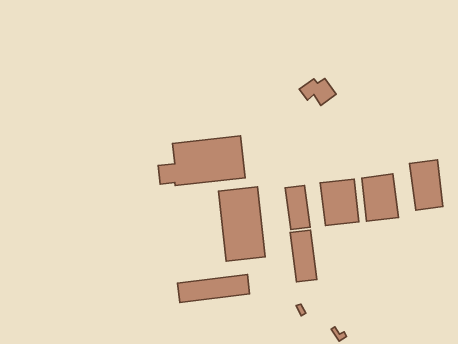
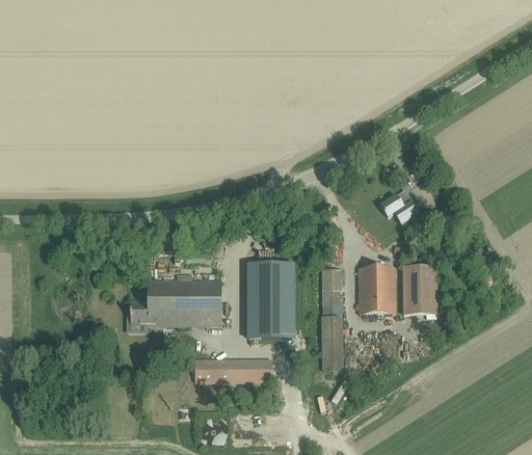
building: [299,79,336,106] -> [380,195,419,224]
building: [158,136,245,185] -> [131,282,221,326]
building: [410,160,443,210] -> none

